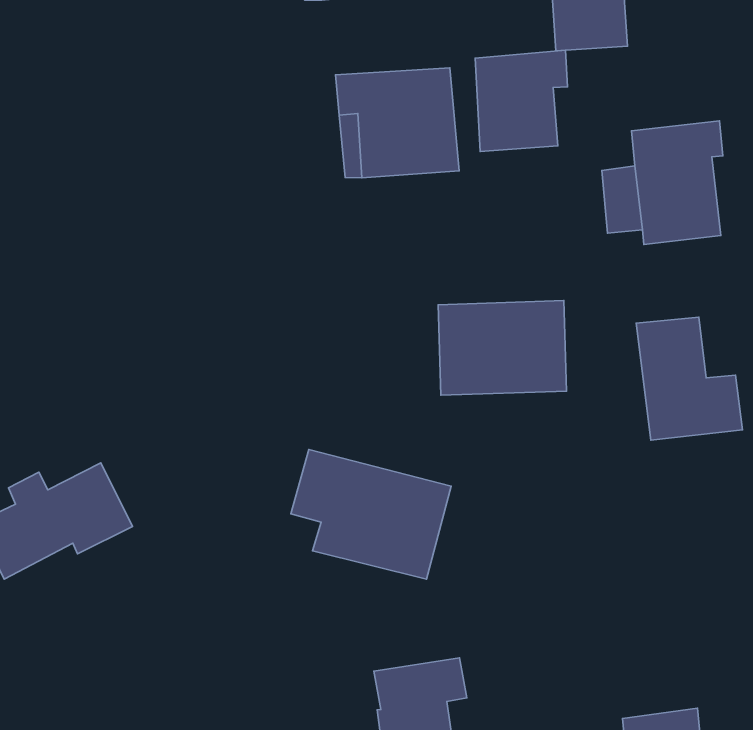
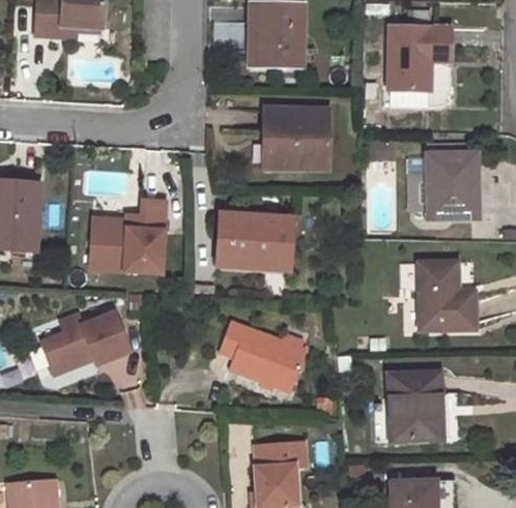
building: [475,50,568,152] -> none
building: none -> [88,197,167,274]
building: [438,301,566,395] -> [219,213,292,268]
building: none -> [390,372,442,439]

